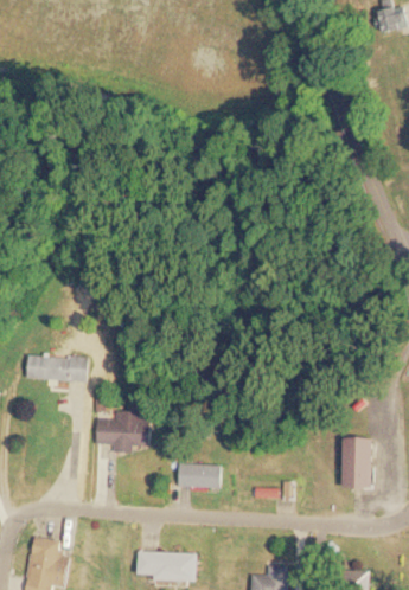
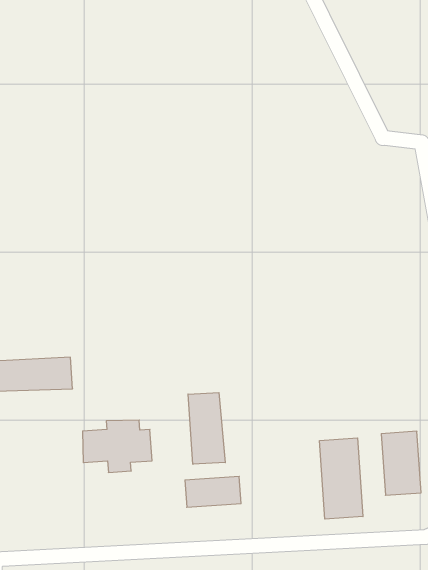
building: none -> [188,393,225,464]
building: none -> [320,438,363,519]

